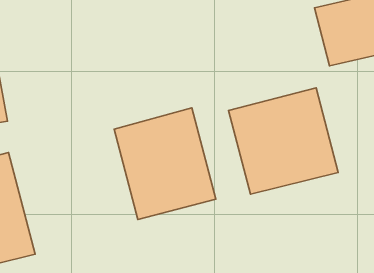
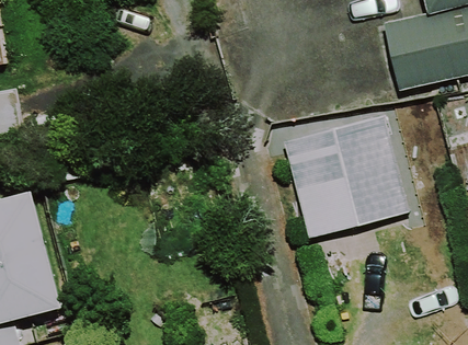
building: [114,108,216,219] -> none

